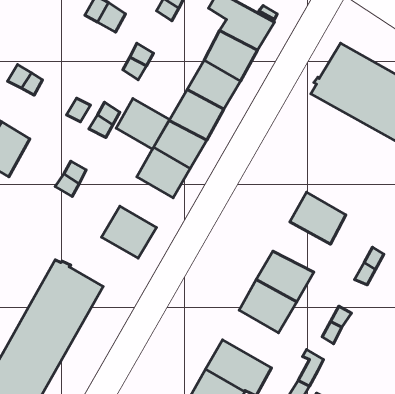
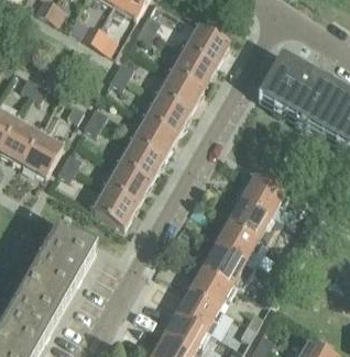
building: [116,99,169,149] -> [108,161,150,201]
building: none -> [21,132,61,175]
building: none -> [228,197,273,236]
building: none -> [188,266,232,311]

